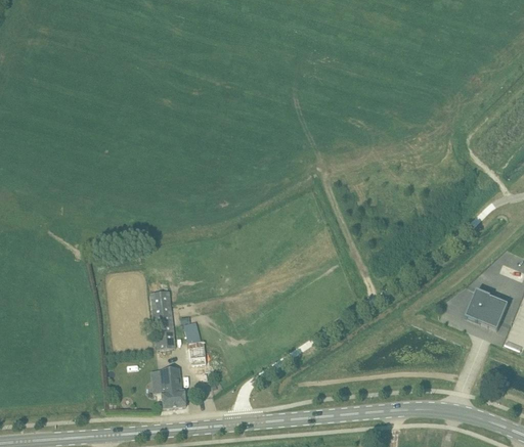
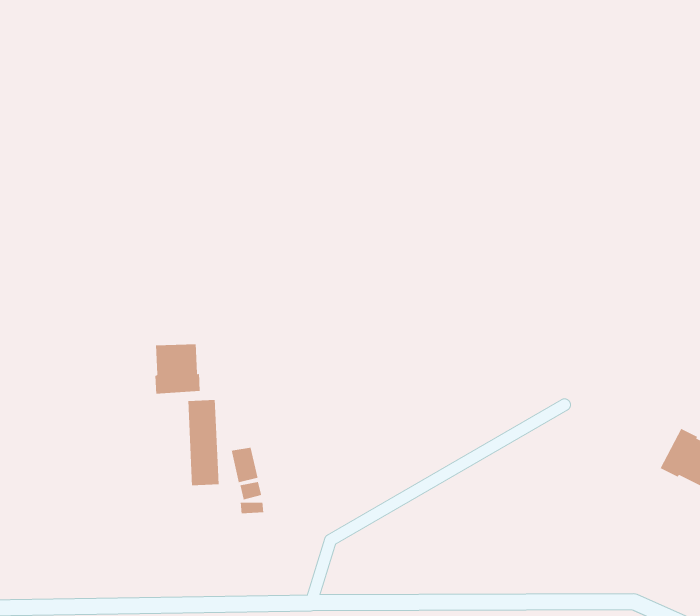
building: none -> [155,344,201,394]
building: [159,367,185,407] -> none

